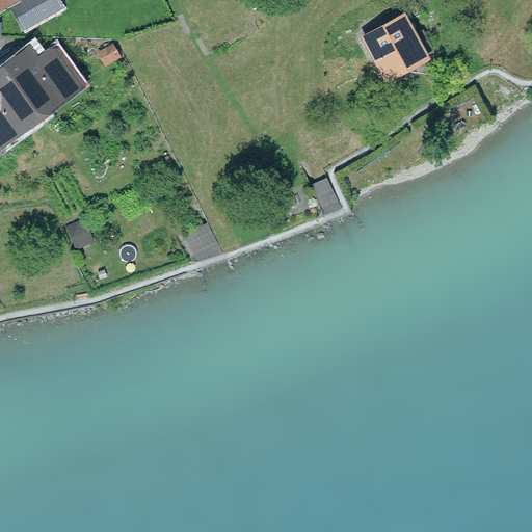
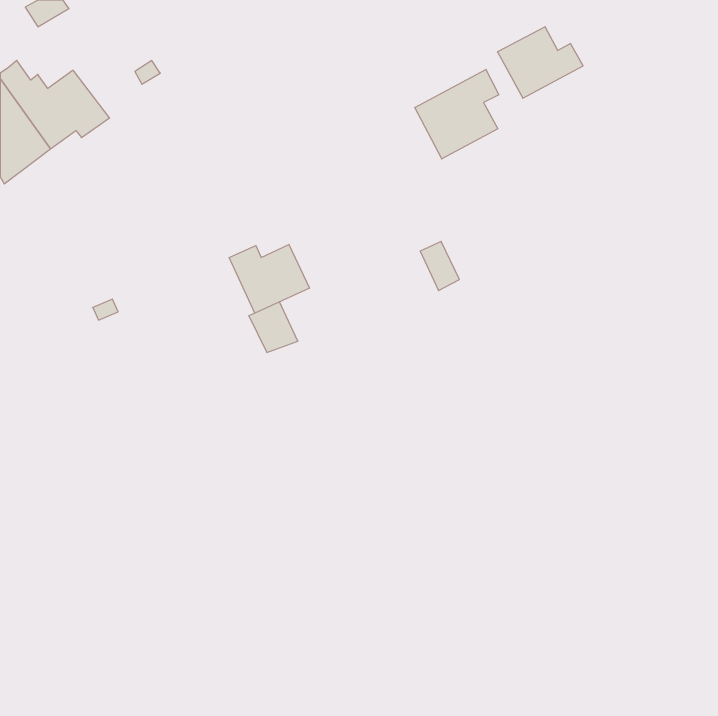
building: none -> [415,69,499,159]
building: none -> [229,244,310,313]

